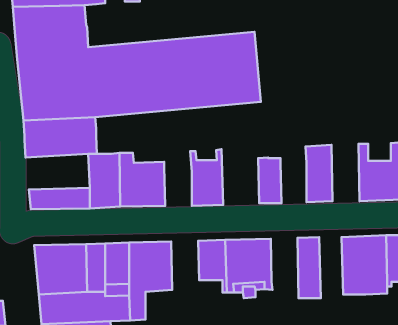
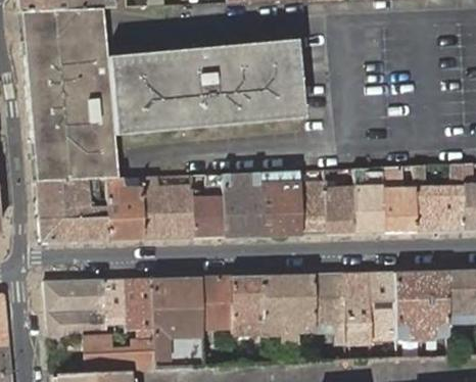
building: none -> [385,165,417,231]
building: none -> [259,171,302,235]
building: none -> [194,174,226,236]
building: none -> [36,177,109,218]
building: none -> [327,185,356,233]
building: none -> [371,272,398,341]
building: none -> [316,273,347,344]
building: none -> [202,276,234,365]

